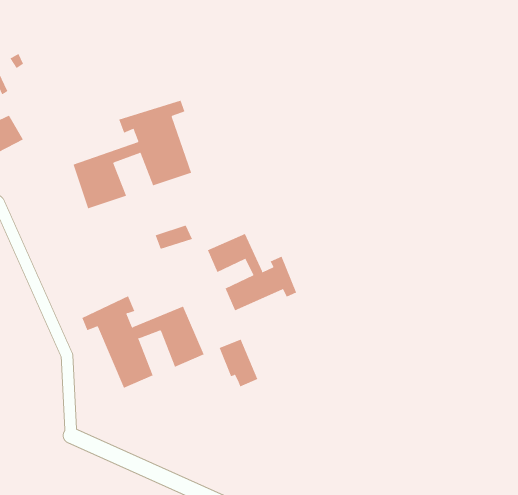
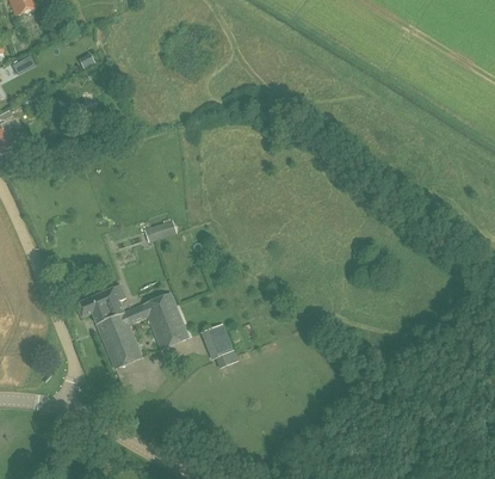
building: [73,100,192,209] -> none
building: [207,233,297,311] -> none

